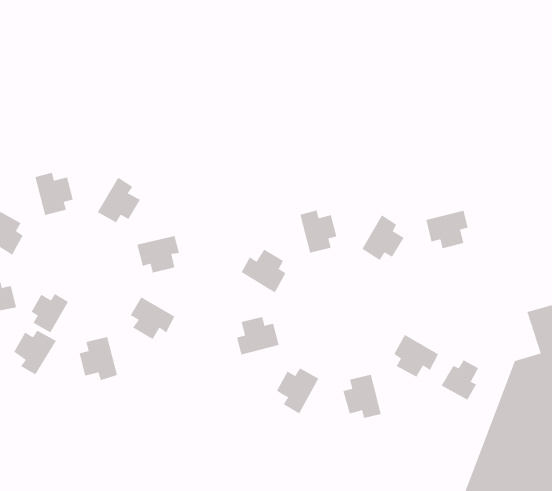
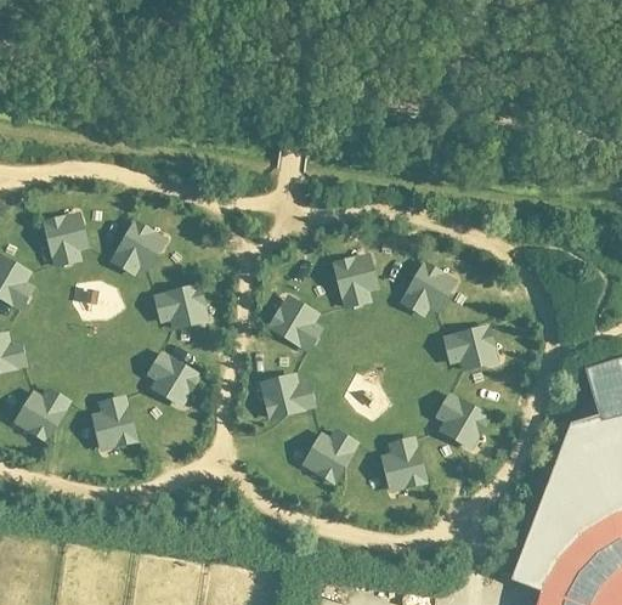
building: [425,210,469,249] -> [445,327,492,369]
building: [31,293,69,333] -> none
building: [441,359,479,400] -> none

